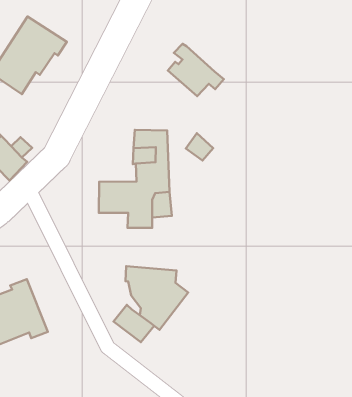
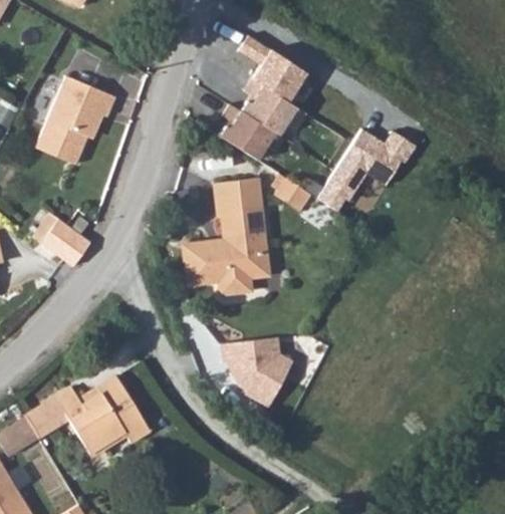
building: none -> [243,36,310,105]
building: none -> [214,105,278,162]
building: none -> [321,130,415,209]
building: [114,305,154,342] -> none

